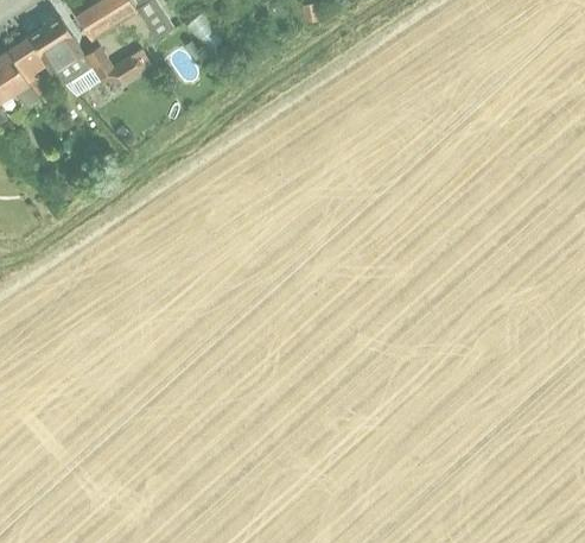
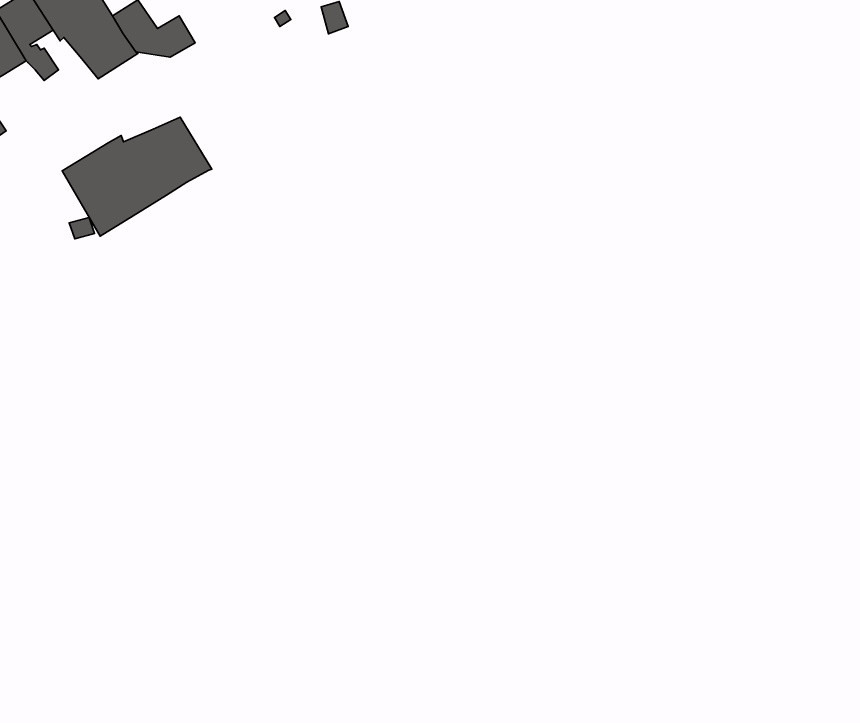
building: none -> [62,117,212,236]

